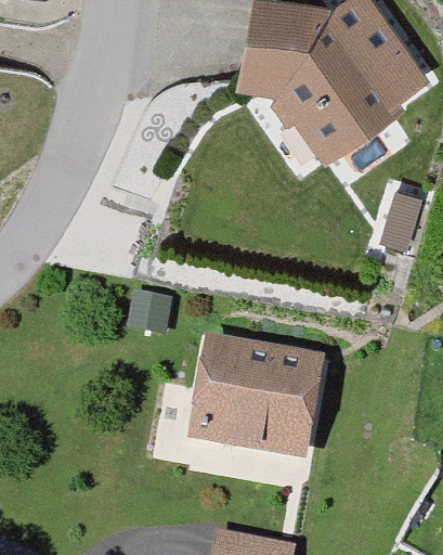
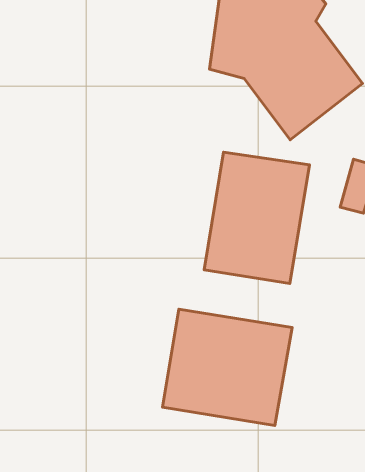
building: none -> [204,152,309,284]

